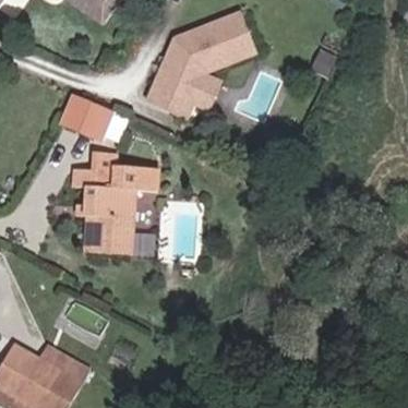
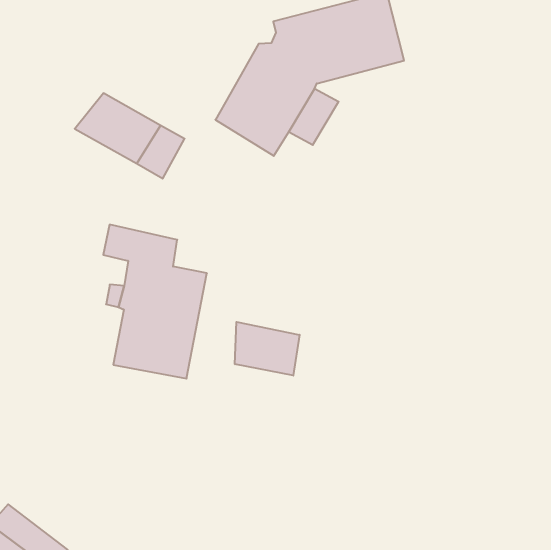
building: none -> [235,322,300,376]

